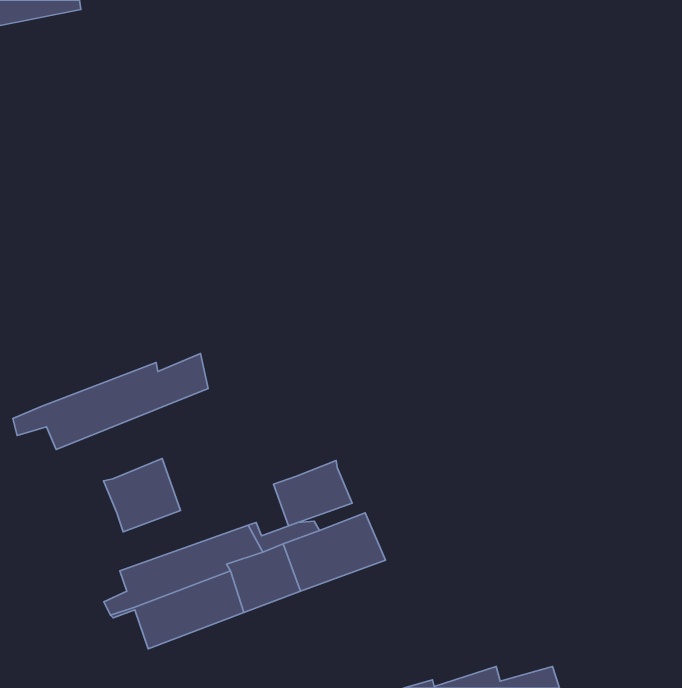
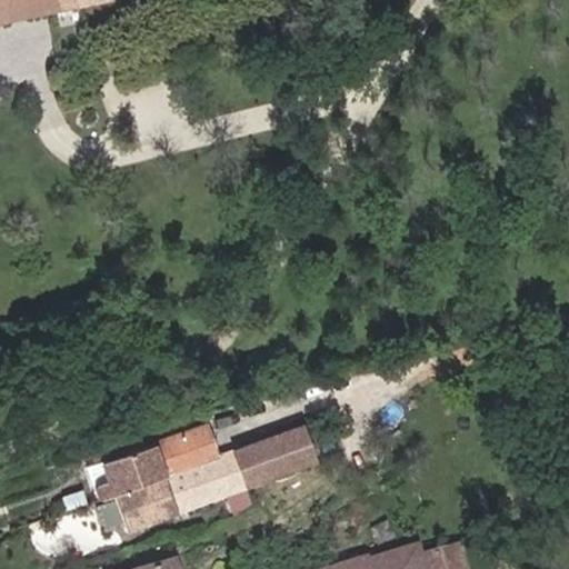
building: [13,354,208,449] -> none
building: [104,459,181,532] -> none
building: [274,461,352,526] -> none

